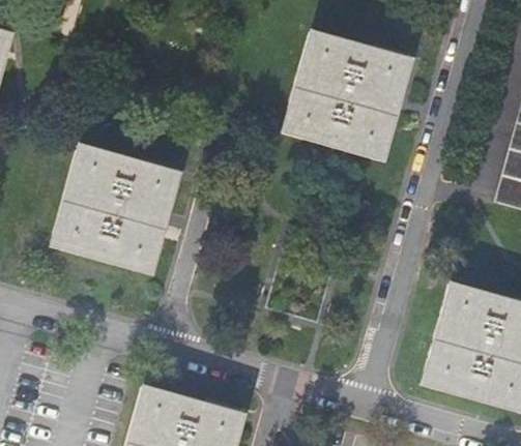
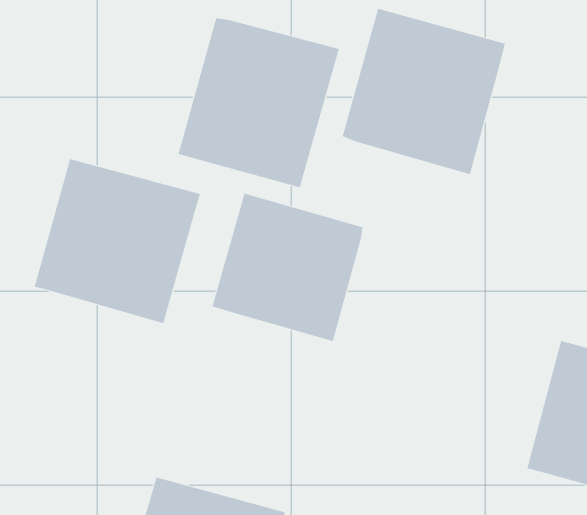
building: none -> [178,17,339,188]
building: none -> [212,193,363,342]

